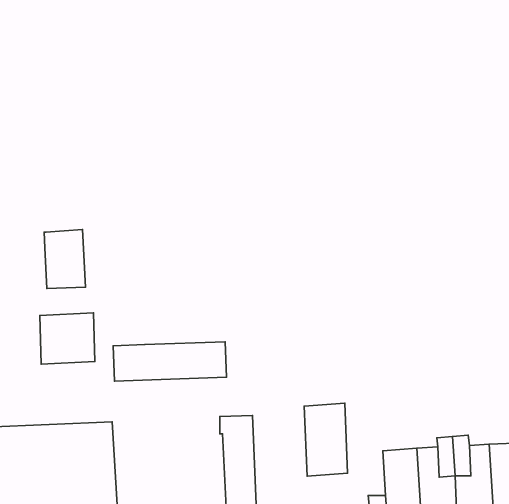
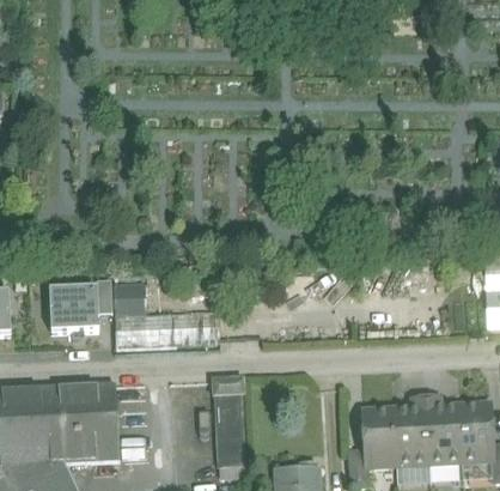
building: [44,230,85,289] -> none
building: none -> [115,283,145,315]
building: [304,403,348,476] -> none

